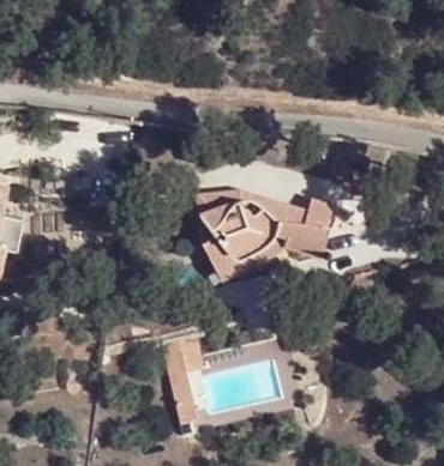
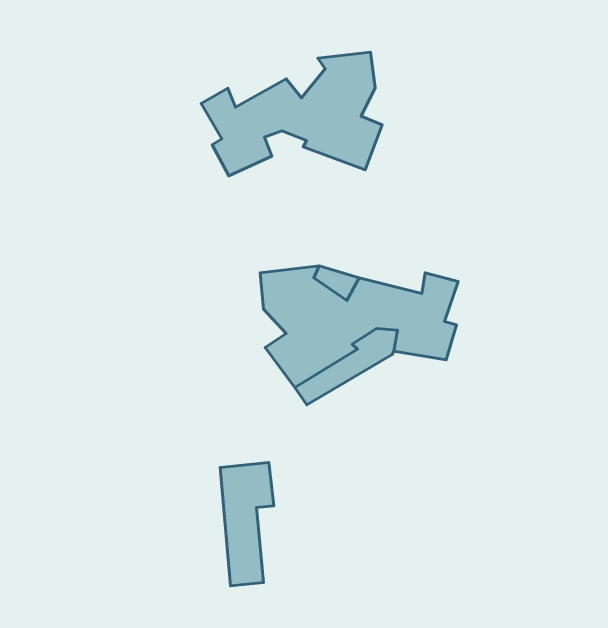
building: none -> [201,52,382,176]

